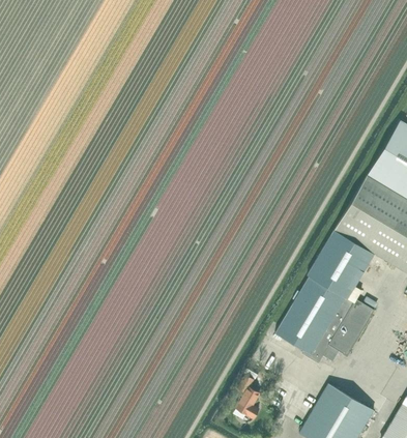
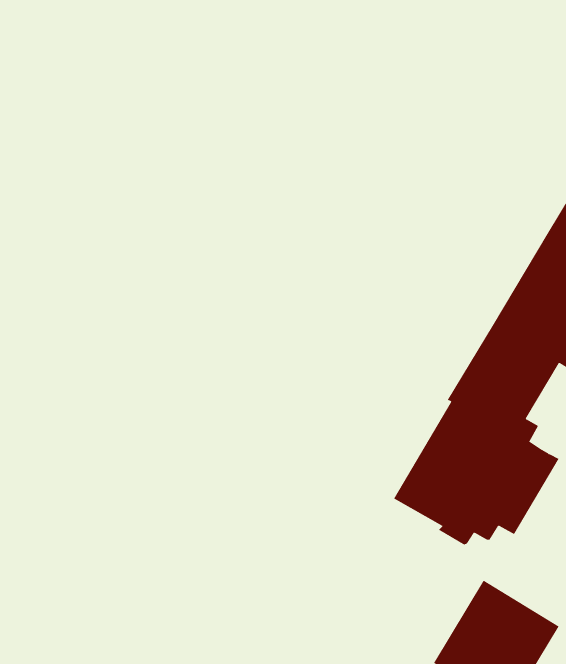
building: [236,374,262,417] -> none

